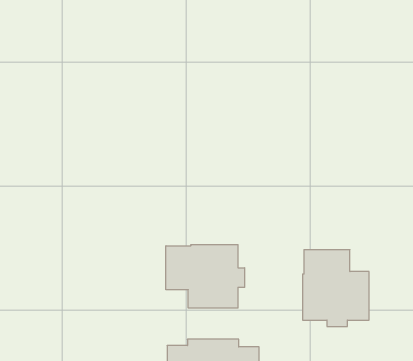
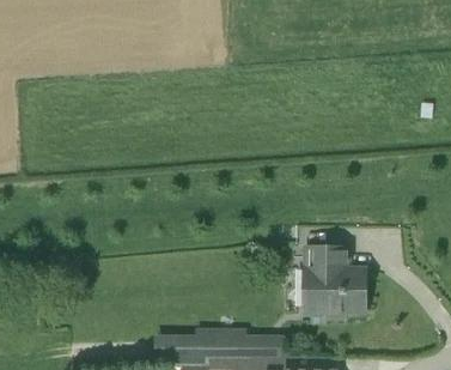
building: [166,245,245,308] -> none

